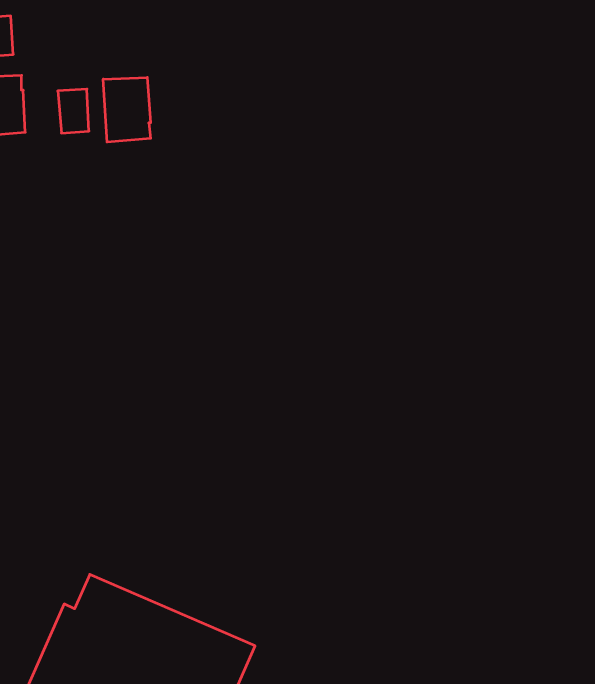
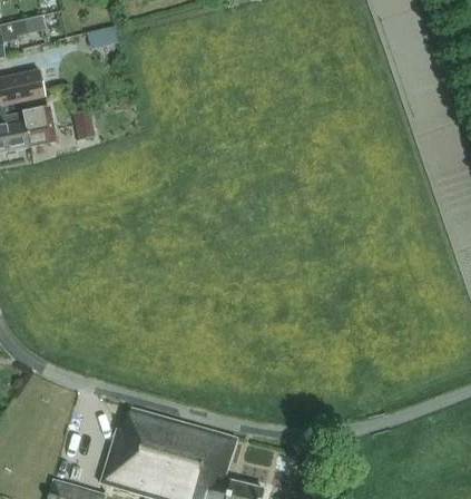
building: [103,77,151,142] -> none

